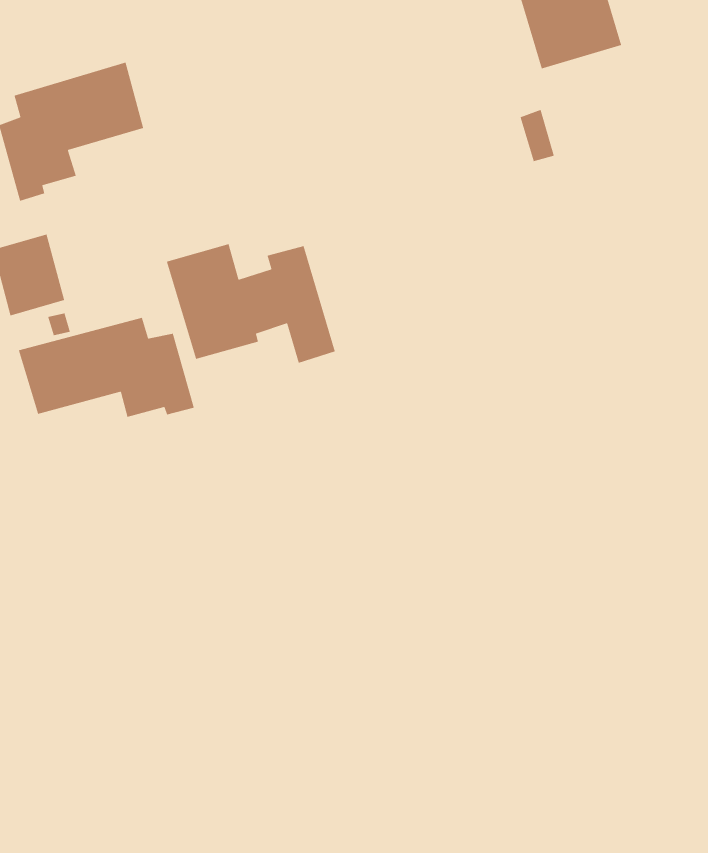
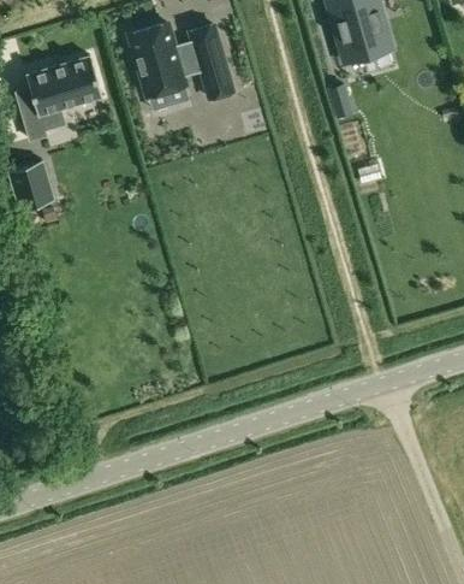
building: [166,243,336,364] -> [131,24,234,98]
building: [18,317,195,418] -> none

